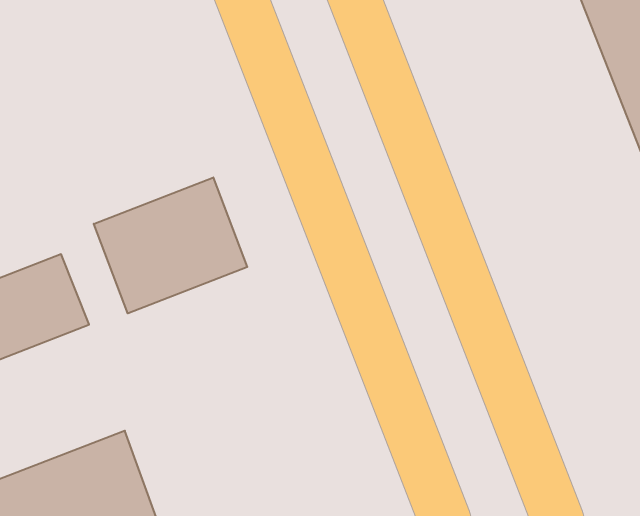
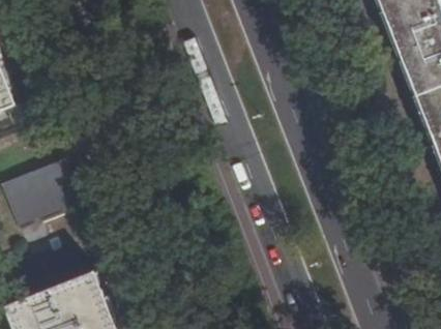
building: [94,177,247,313] -> none

